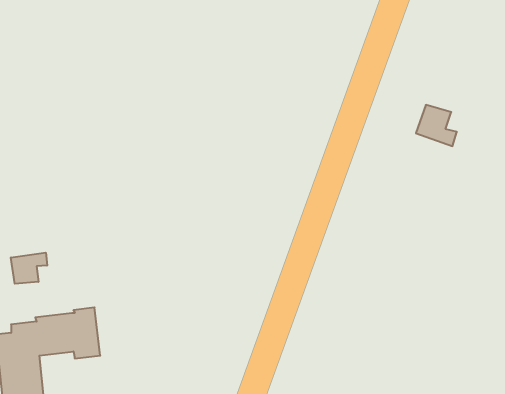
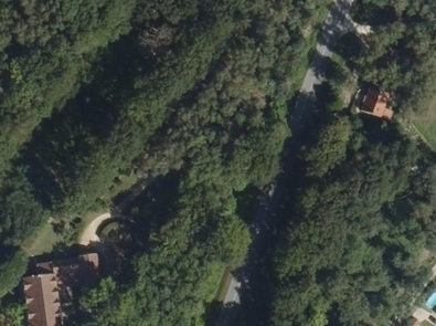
building: [11,253,47,284] -> none

